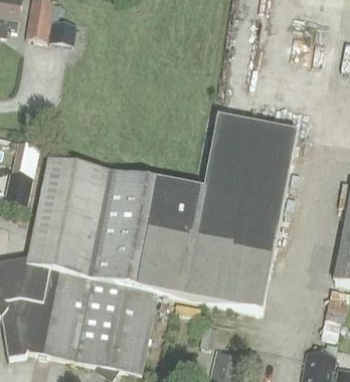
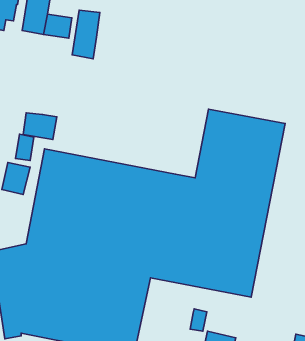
building: none -> [72,10,100,59]
building: none -> [23,113,57,140]

